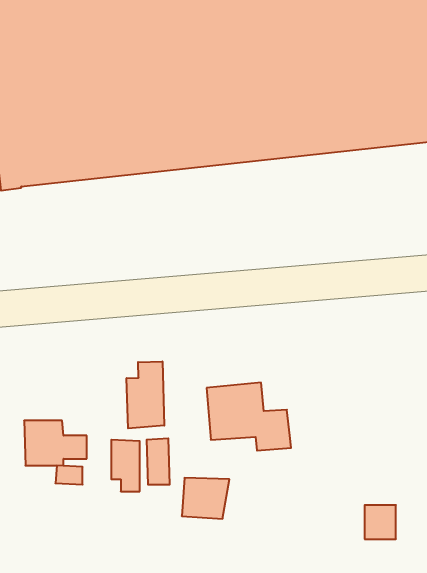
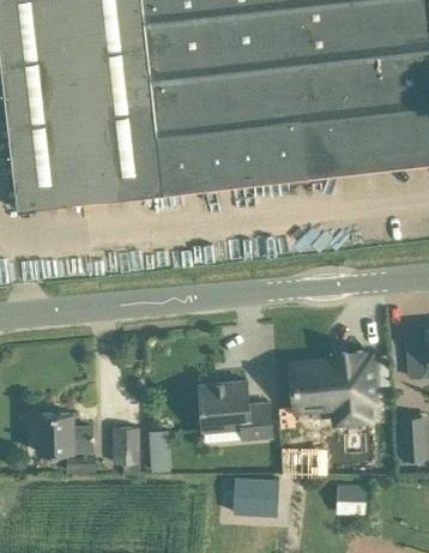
building: none -> [290,351,374,423]
building: [127,361,164,428] -> none
building: [182,478,229,519] -> [236,480,278,516]

